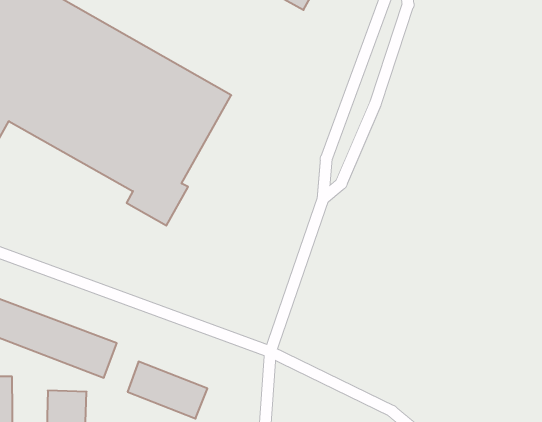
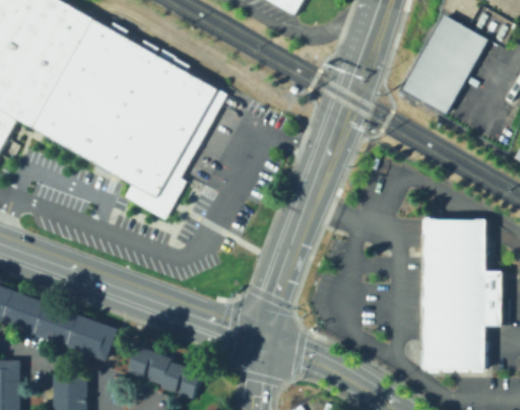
building: none -> [403,15,492,115]
building: none -> [425,220,503,369]

